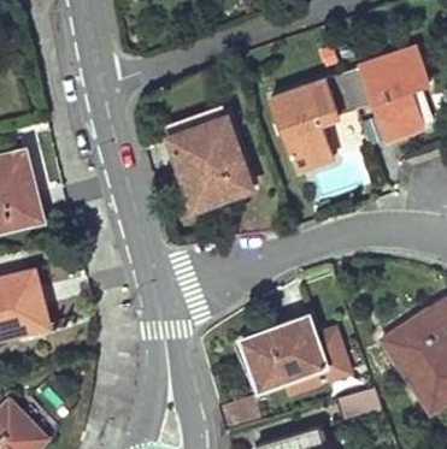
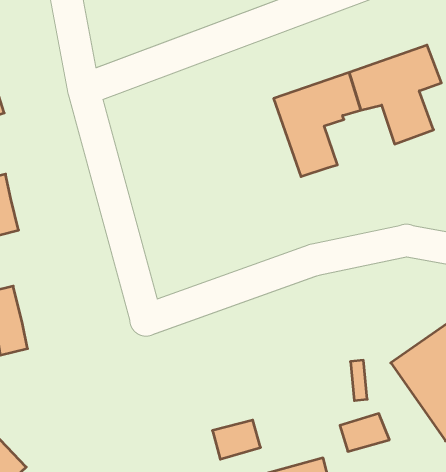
building: [172,113,253,203] -> none
building: [243,314,330,394] -> none

